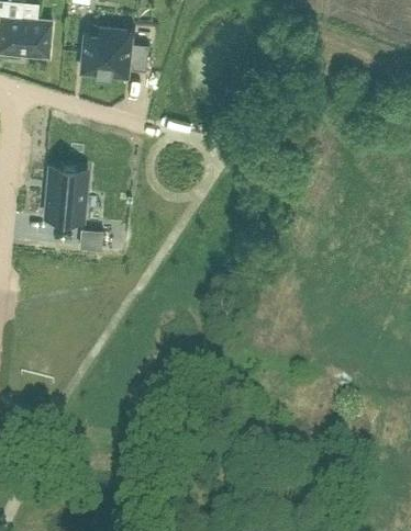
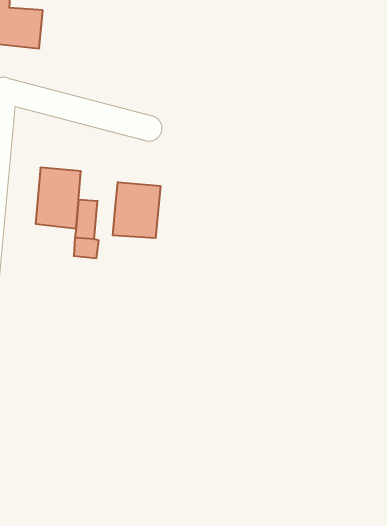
building: [80,26,147,77] -> none
building: none -> [113,182,160,238]

